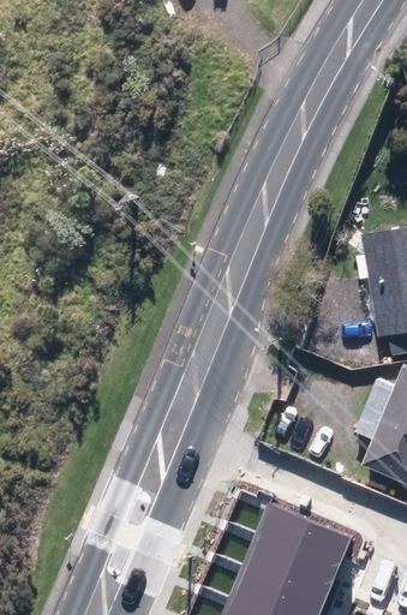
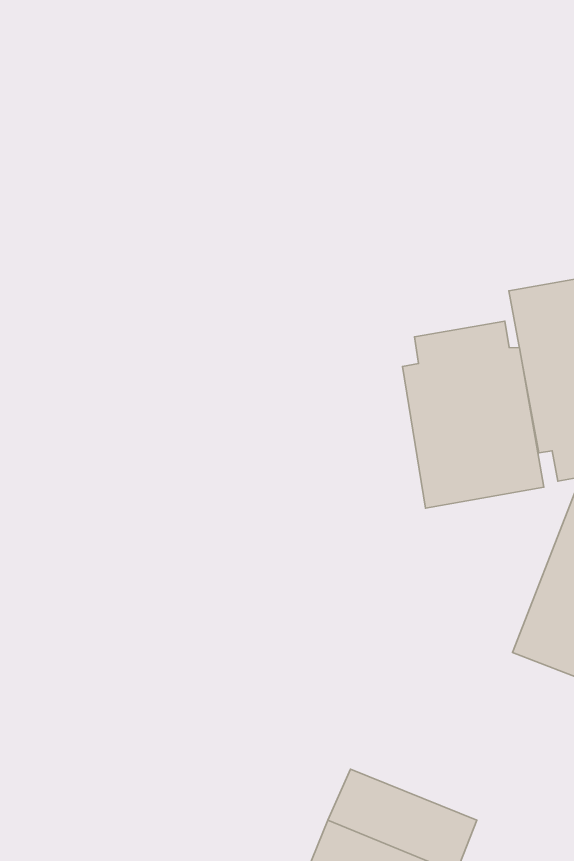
building: none -> [403,321,544,508]
building: [259,509,353,572] -> none

